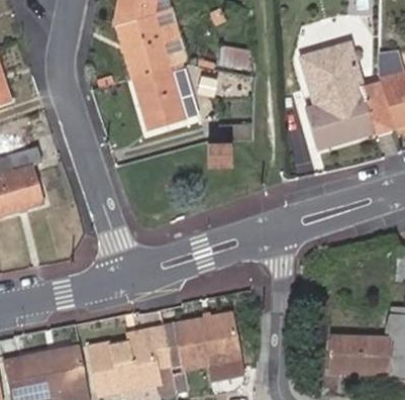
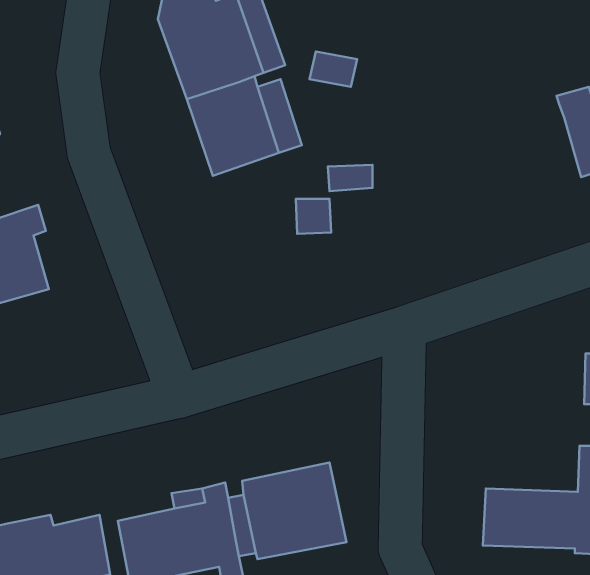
building: [301,44,395,144] -> none

